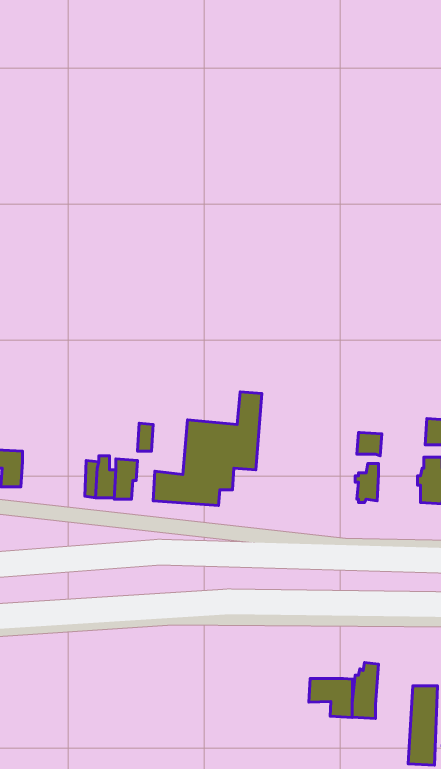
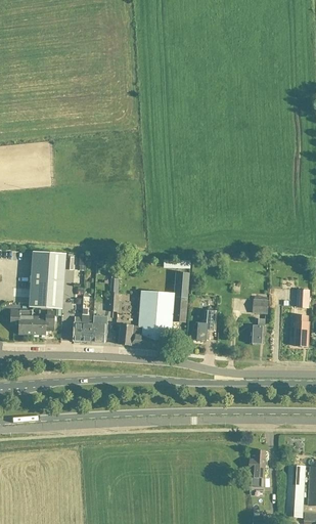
building: none -> [29,251,64,307]
building: none -> [31,310,53,335]
building: none -> [193,310,216,341]
building: [309,678,352,718] -> none

